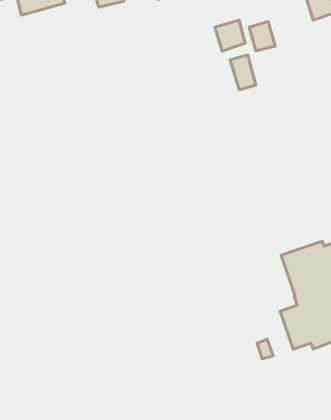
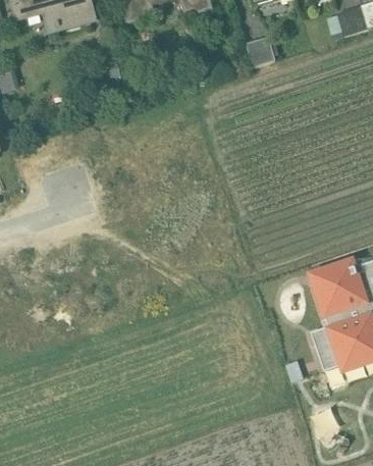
building: [249,22,275,51] -> none
building: [230,55,256,90] -> none

